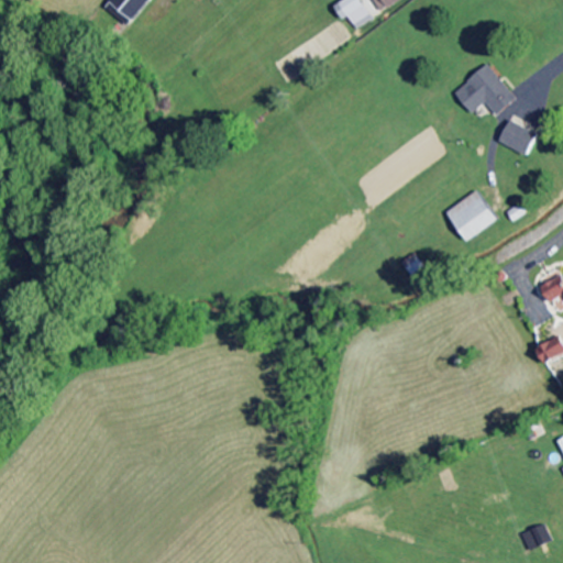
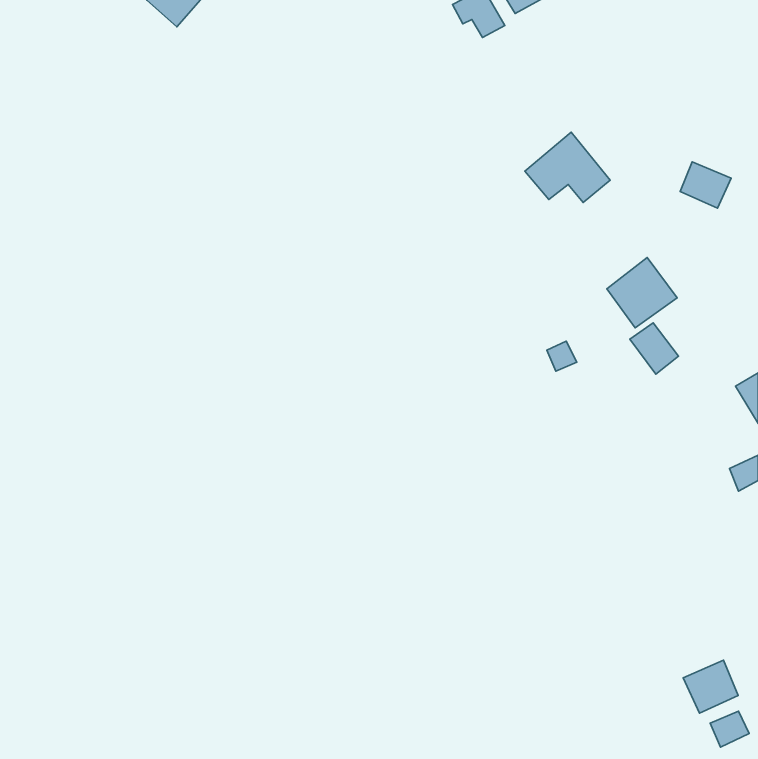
building: [453,63,516,114] -> [525,132,610,203]
building: none -> [630,323,678,374]
building: none -> [683,660,738,713]

